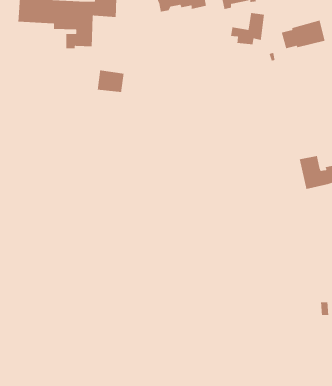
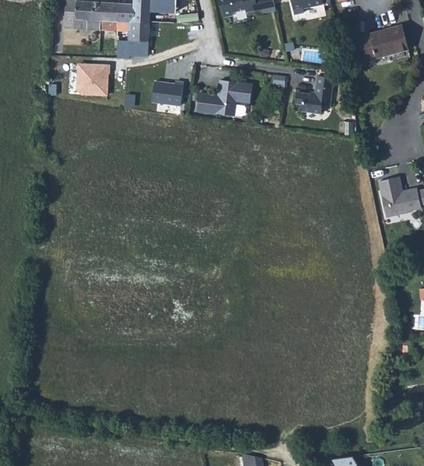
building: [230,12,265,45] -> [294,75,333,112]
building: none -> [76,64,108,95]
building: none -> [197,79,252,114]

